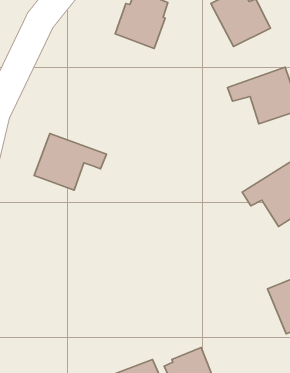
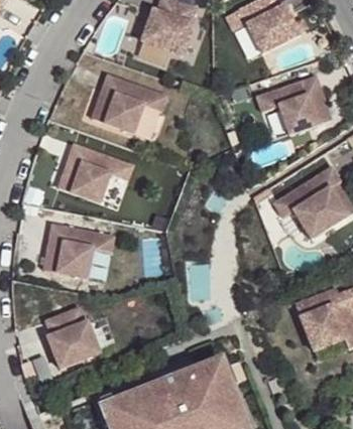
building: none -> [90,75,164,133]
building: none -> [41,224,111,276]
building: none -> [44,306,100,368]

